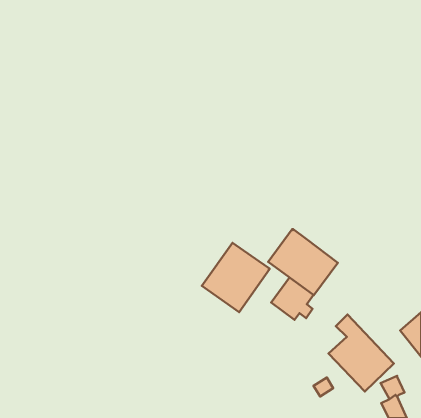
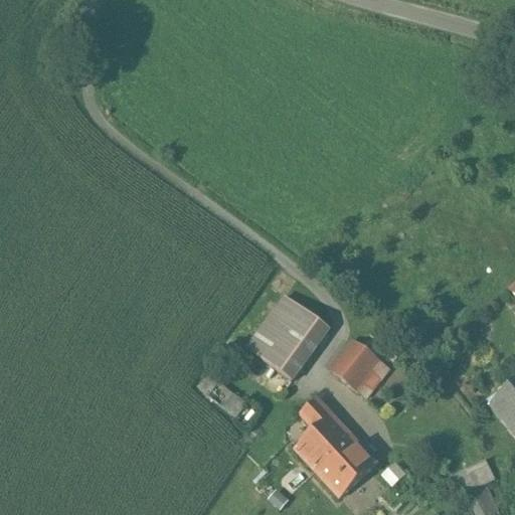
building: [268,229,338,295] -> none
building: [329,315,394,391] -> [297,401,376,495]

